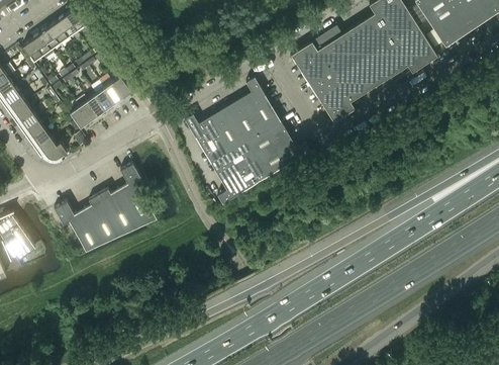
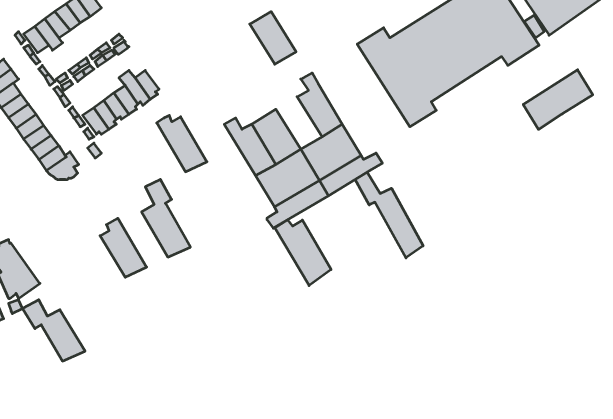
building: none -> [523,70,593,129]
building: [226,96,264,139] -> [250,12,296,64]
building: none -> [355,172,423,258]
building: [99,188,139,234] -> [157,115,207,172]
building: none -> [275,220,331,286]
building: [55,200,105,250] -> [22,300,85,361]

